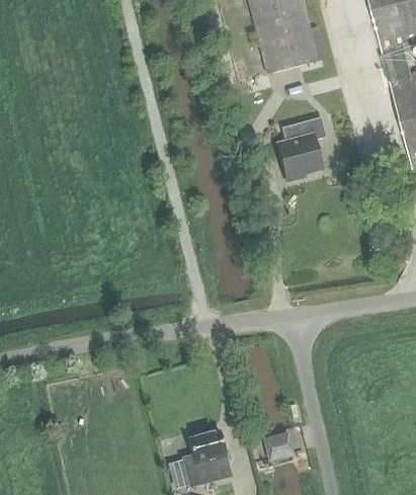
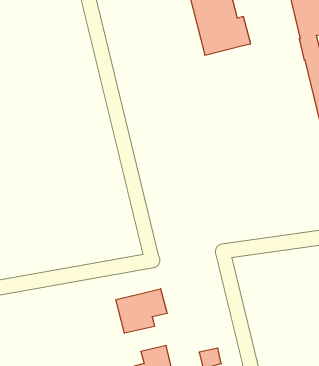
building: [276,113,327,179] -> none
building: none -> [116,289,167,333]

